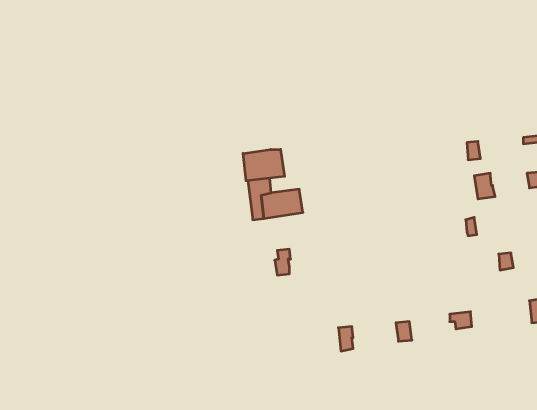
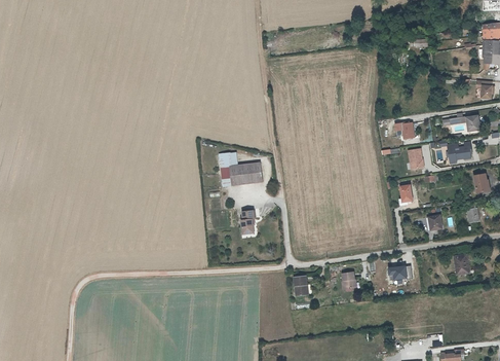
building: [243,149,285,181] -> none

